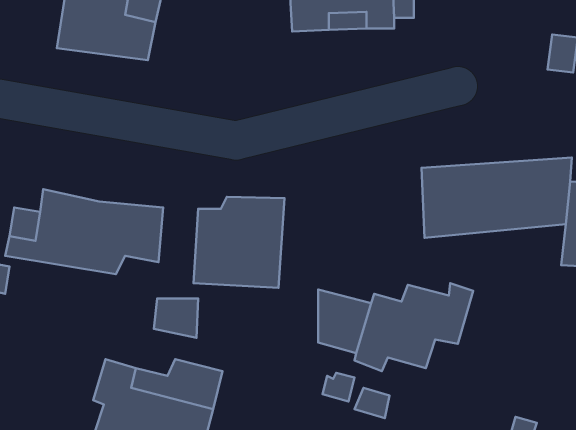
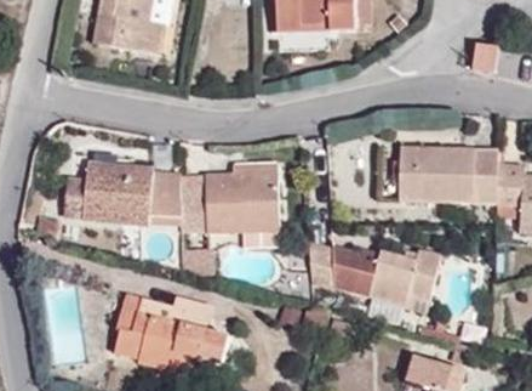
building: none -> [175,175,207,236]
building: none -> [389,242,448,314]

